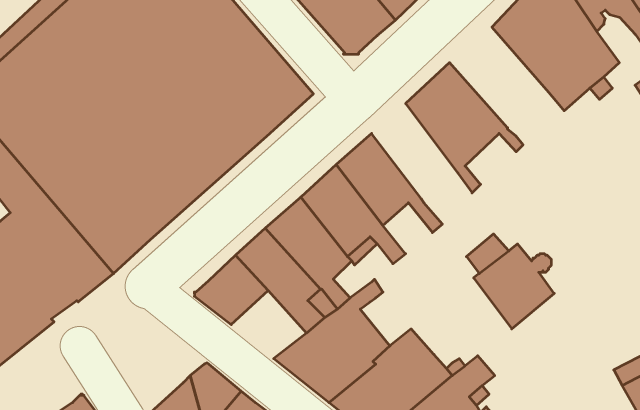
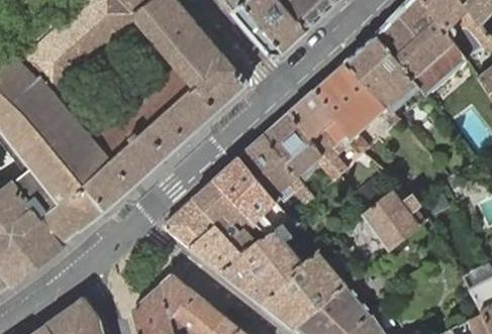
building: none -> [345,35,420,113]
building: none -> [289,90,351,176]
building: none -> [189,223,242,271]

